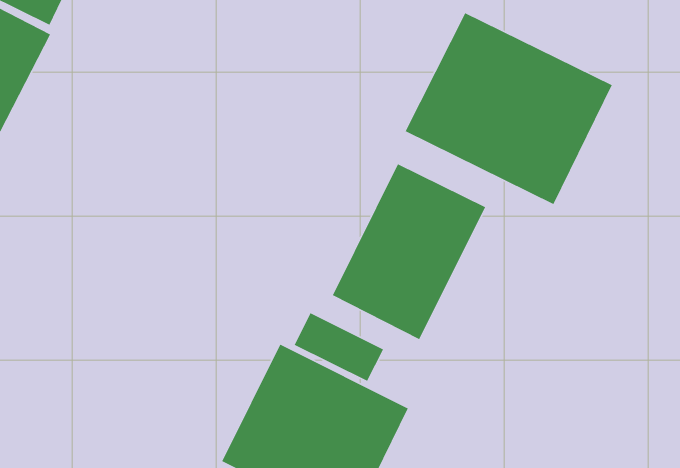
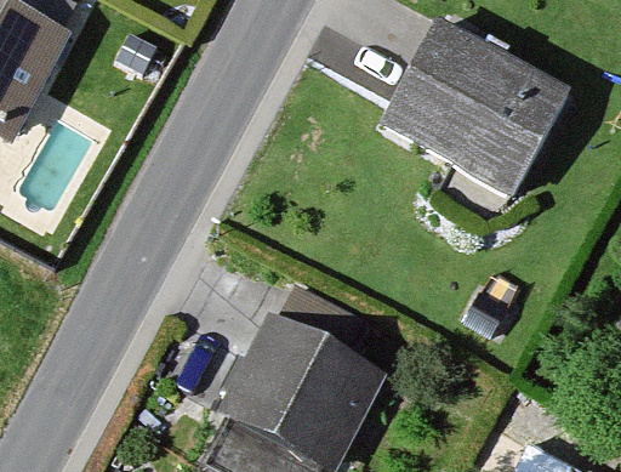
building: [332,163,486,340] -> none

